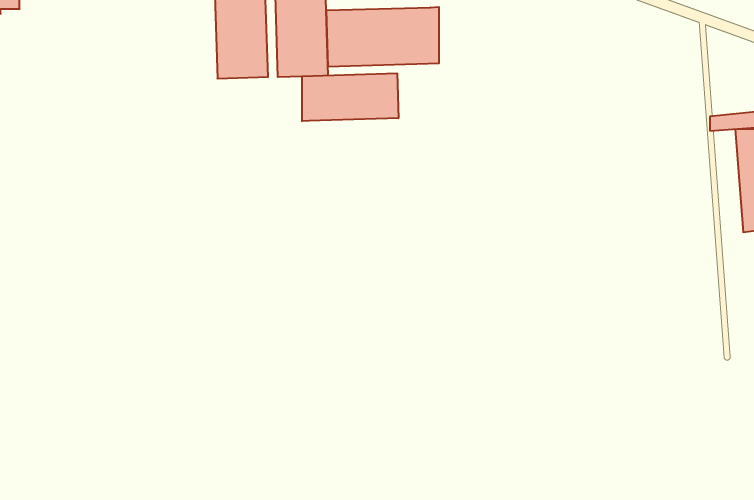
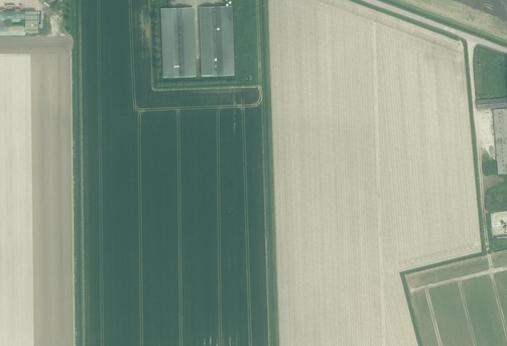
building: [326,7,439,67] -> none
building: [302,73,398,121] -> none

